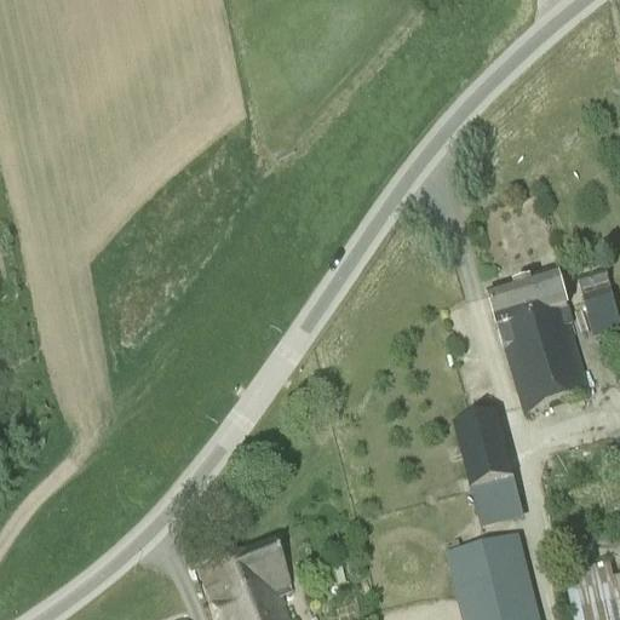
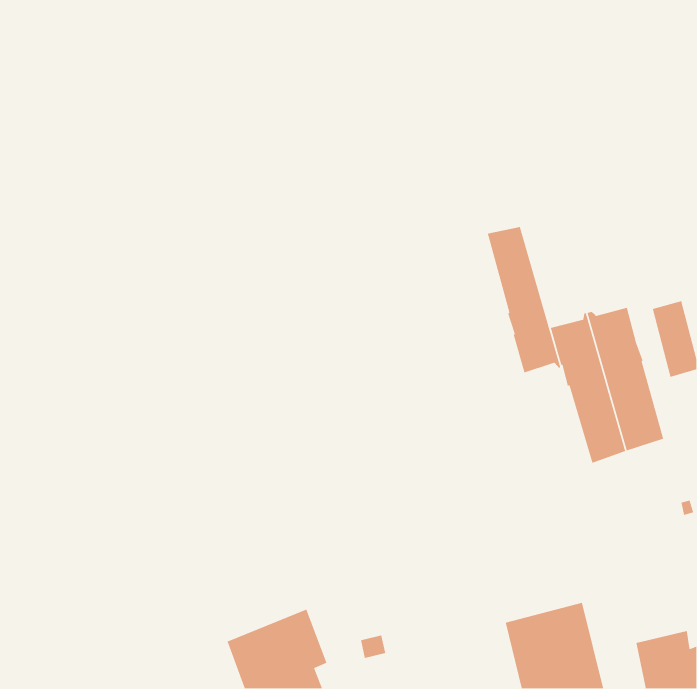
building: none -> [487,226,561,374]
building: [455,411,521,518] -> none

